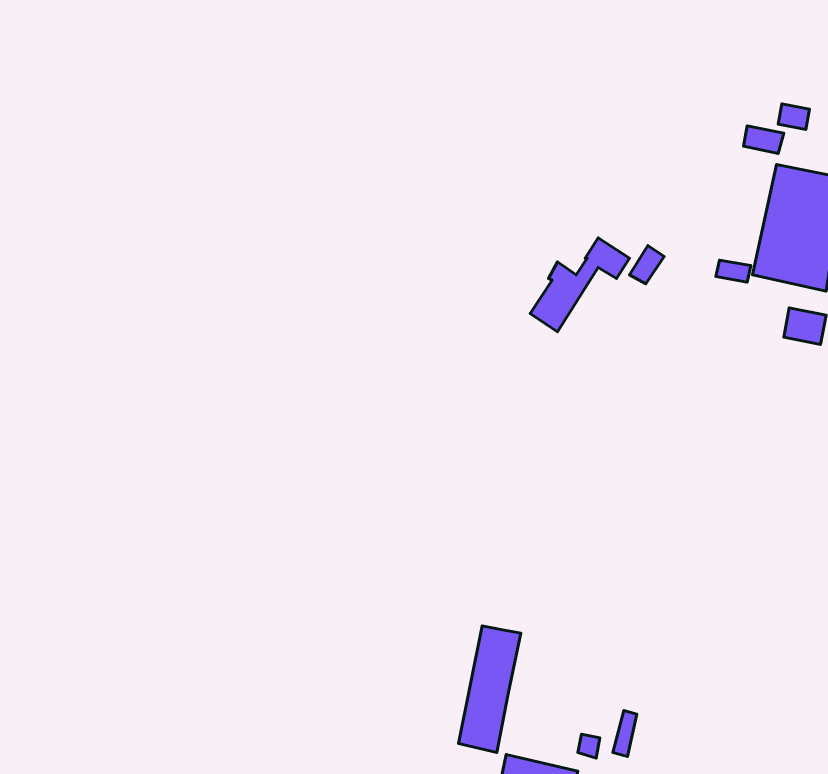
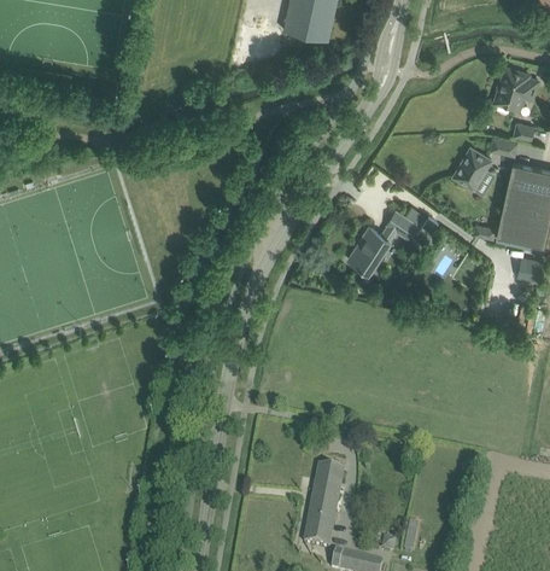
building: none -> [496,69,538,110]
building: none -> [454,147,491,190]

